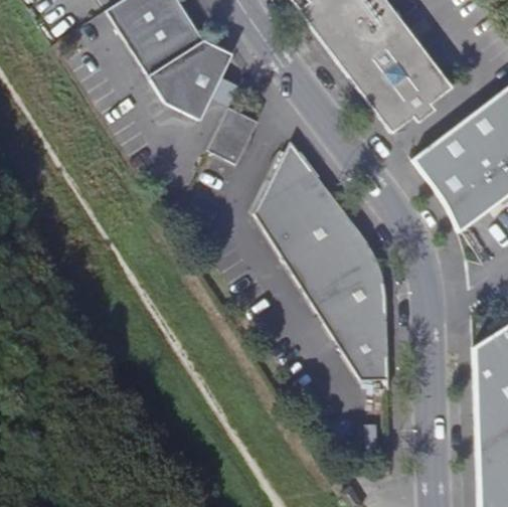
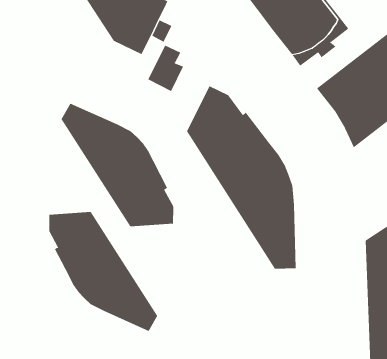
building: none -> [61,103,174,227]
building: none -> [49,211,158,332]

